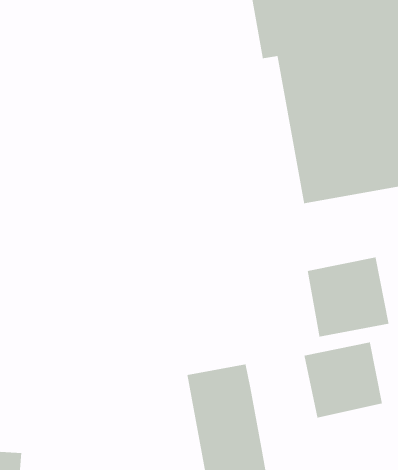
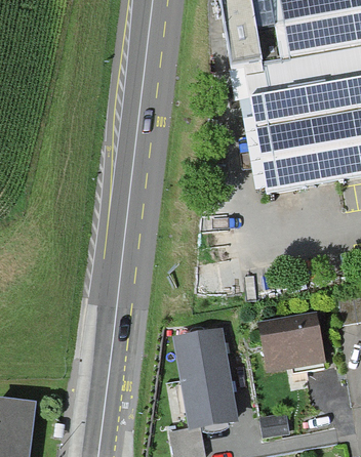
building: [307,257,390,338] -> none

